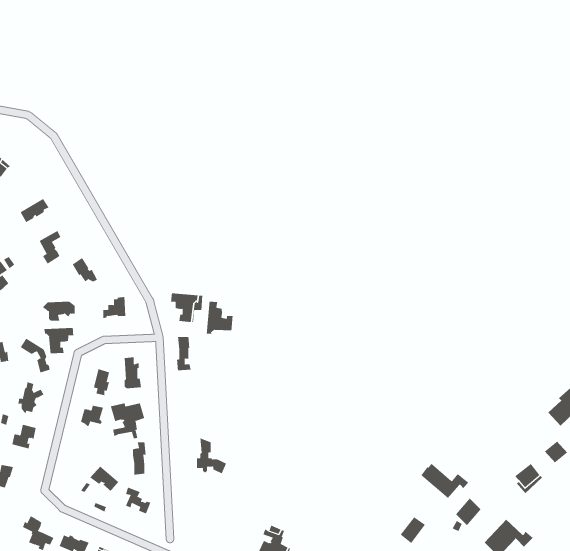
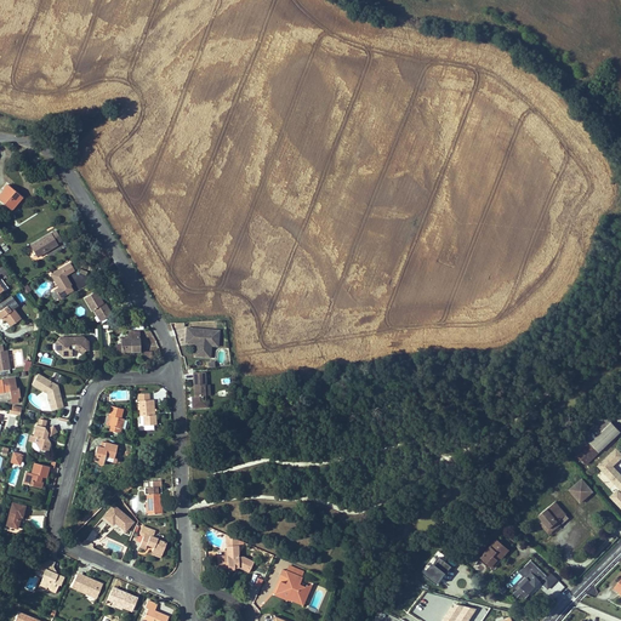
building: [206,301,233,335] -> none
building: [44,327,74,354] -> none
building: [110,402,145,439] -> none
building: [196,438,227,474] -> [222,535,253,572]
building: [420,463,469,499] -> none

